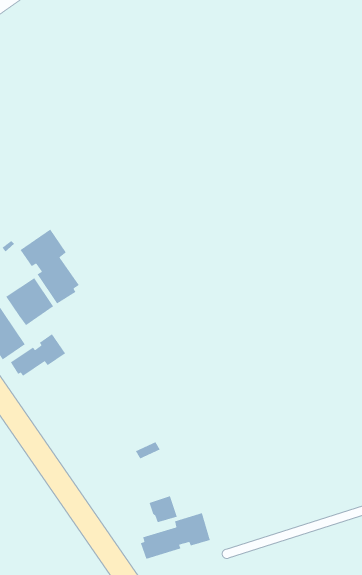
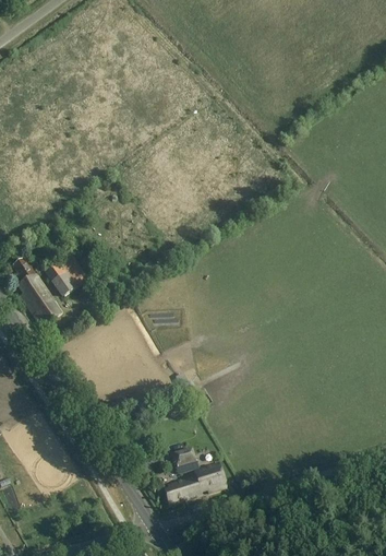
building: [19,229,80,305] -> none
building: [10,333,66,377] -> none

